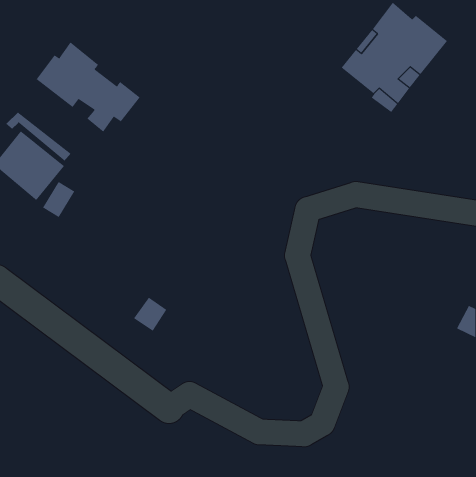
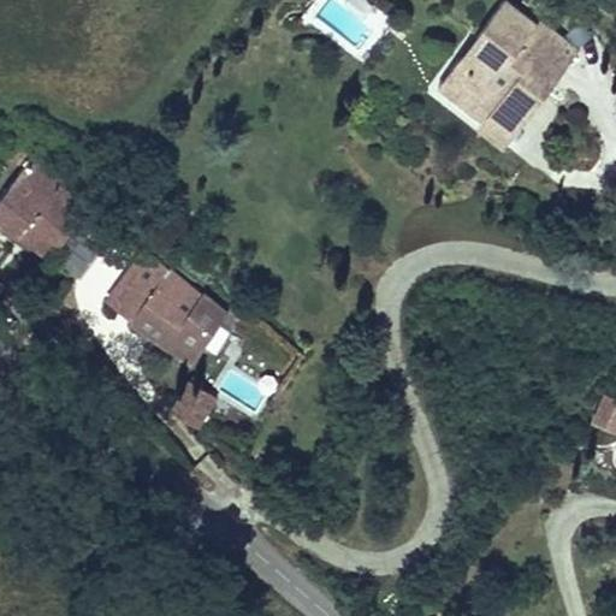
building: [36,42,140,132] -> none
building: none -> [107,255,226,363]

